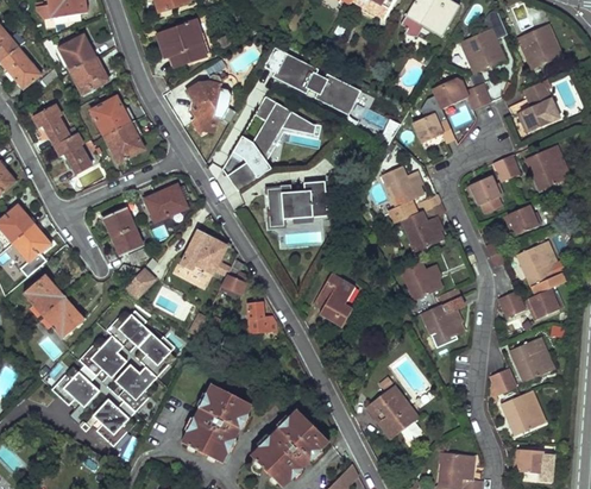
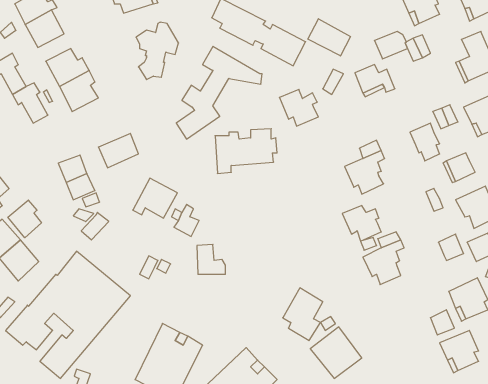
building: none -> [308,19,350,56]
building: [381,165,421,203] -> [279,89,318,126]
building: none -> [8,200,41,238]
building: [314,271,356,326] -> [283,288,323,341]

